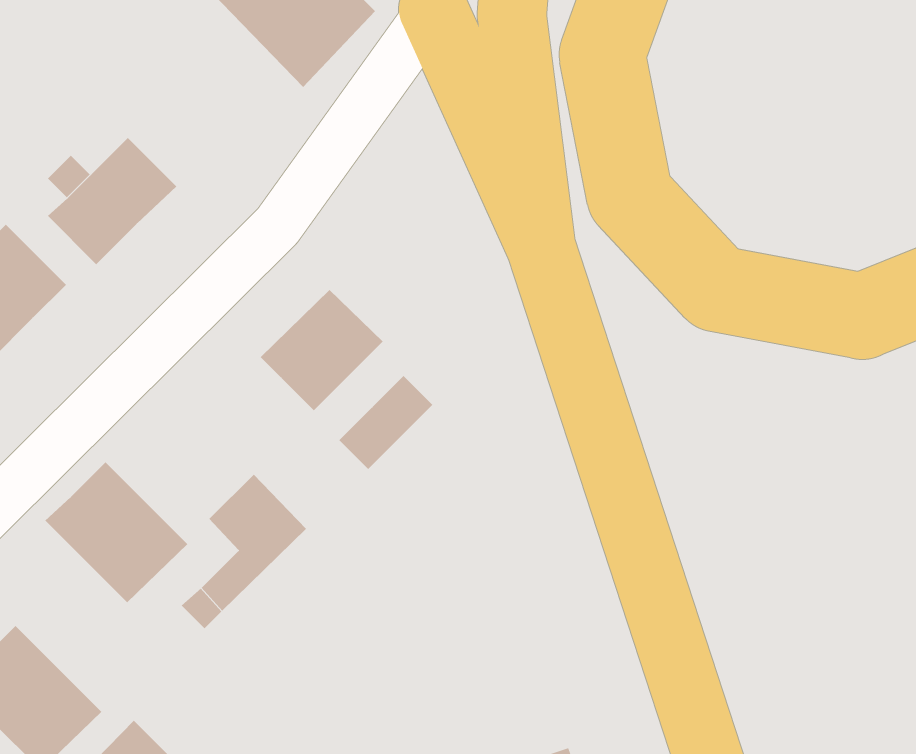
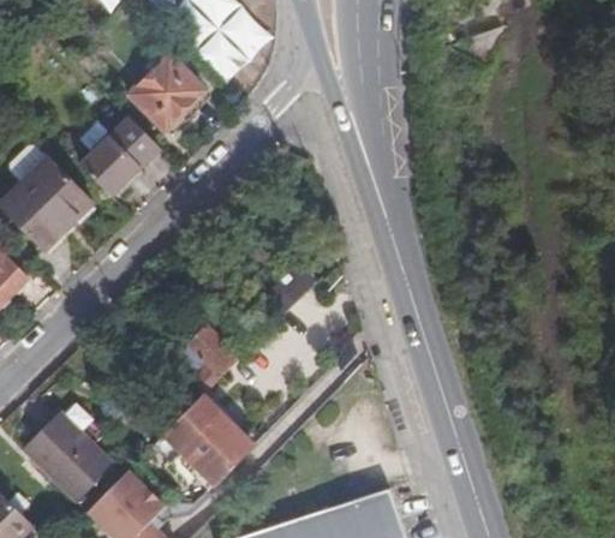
building: none -> [121,49,201,128]
building: [260,289,383,411] -> none
building: [44,461,188,603] -> [162,396,250,483]

